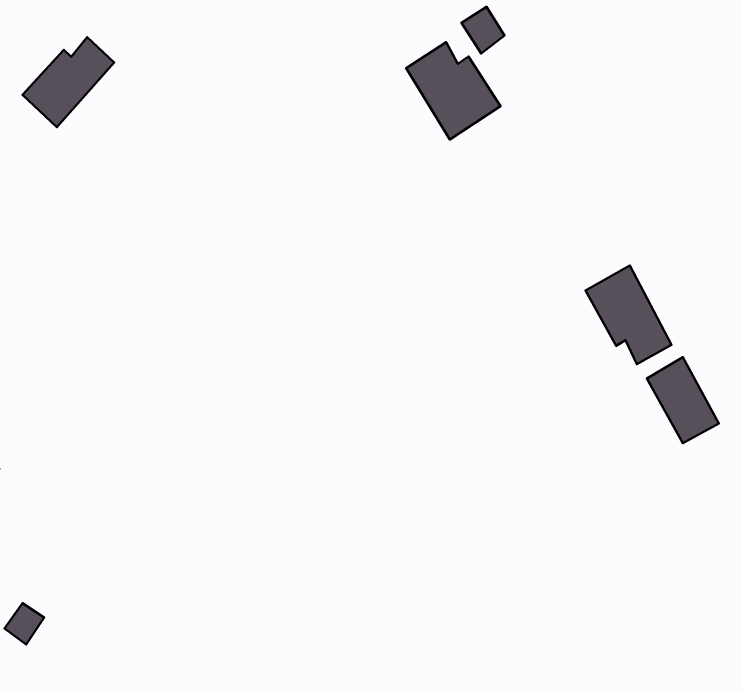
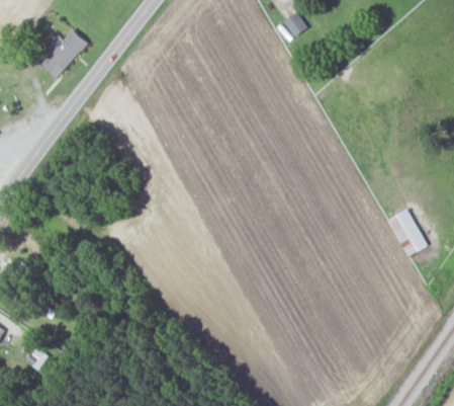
building: [406,42,500,139] -> none
building: [585,265,672,364] -> none

